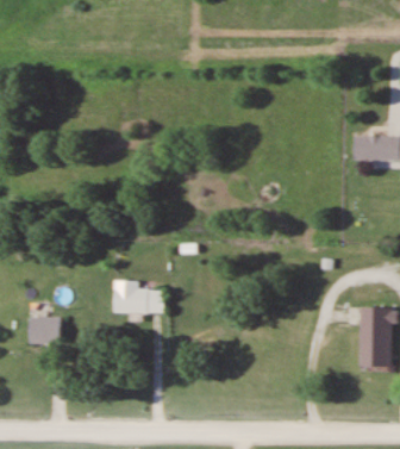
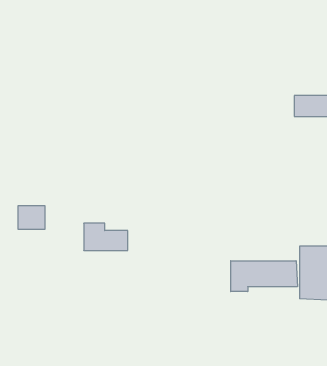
building: [30,317,61,343] -> [18,206,45,229]
building: none -> [231,261,297,292]

